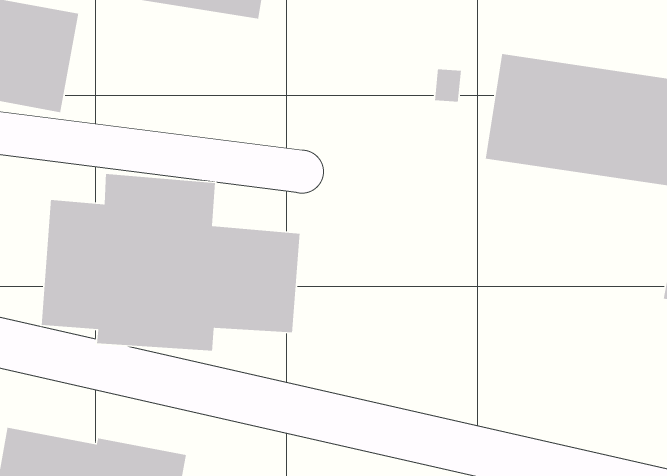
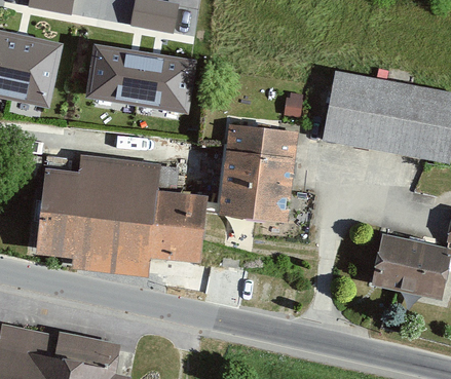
building: none -> [82,53,188,115]
building: none -> [219,122,299,220]
building: none -> [370,243,441,292]

